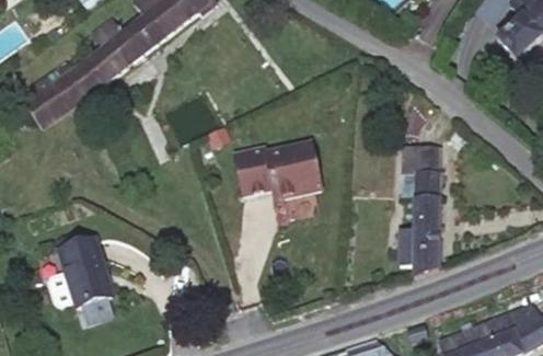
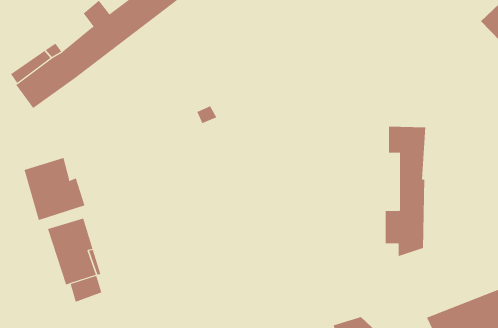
building: [235,142,321,198] -> none
building: none -> [24,157,85,221]

